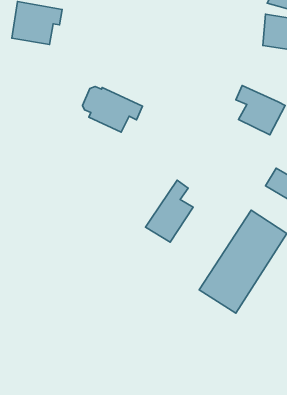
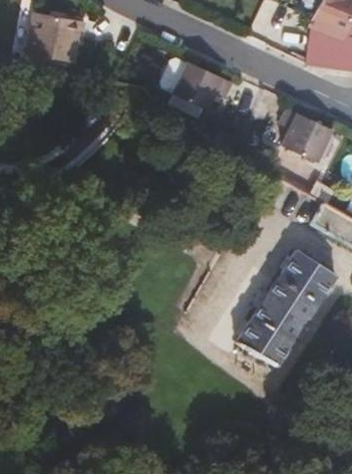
building: [83,87,143,132] -> [165,61,233,112]
building: [146,180,193,242] -> none

